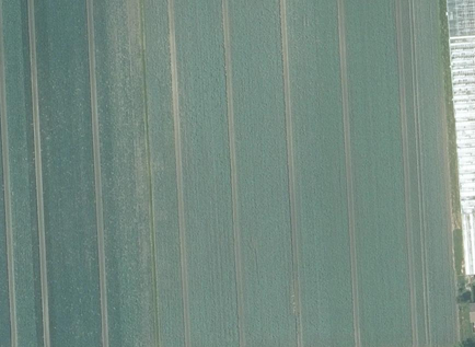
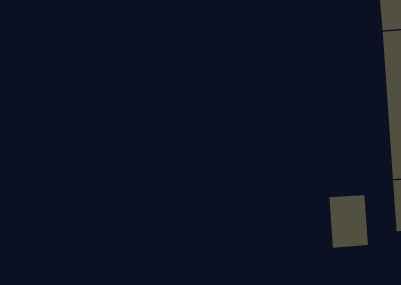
building: none -> [328,195,369,248]

